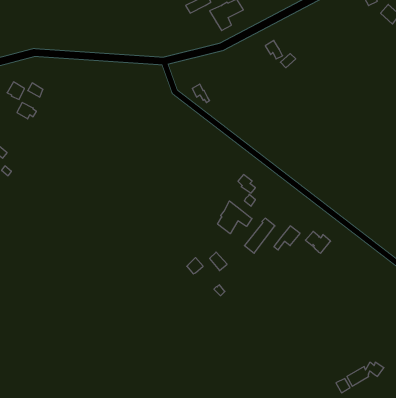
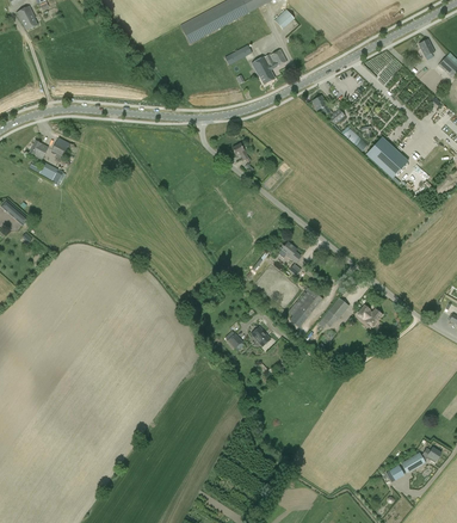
building: none -> [366,136,408,178]
building: [218,201,252,234] -> none

